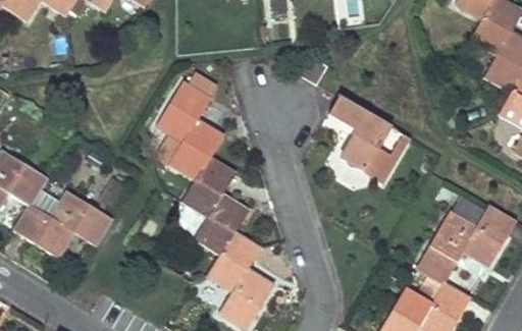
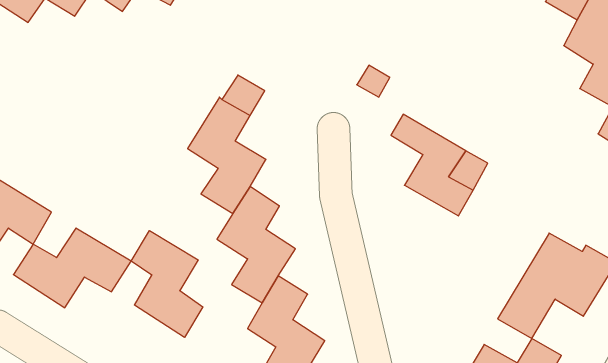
building: none -> [131,231,203,337]

